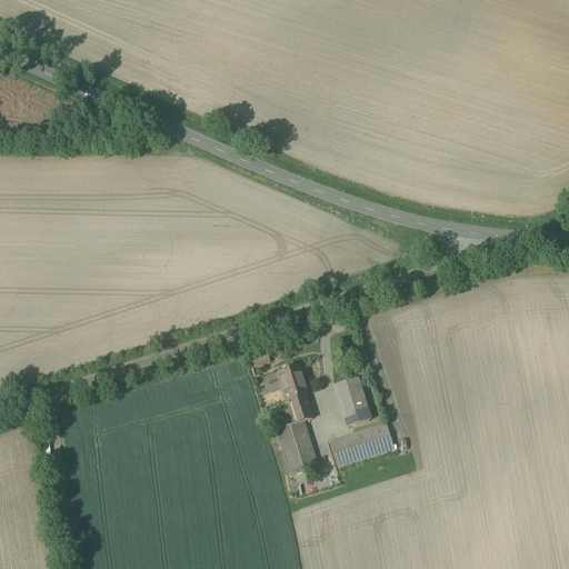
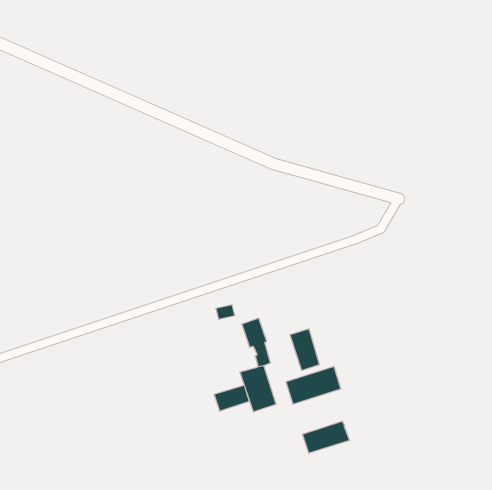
building: none -> [214,385,249,411]
building: none -> [303,421,350,453]

